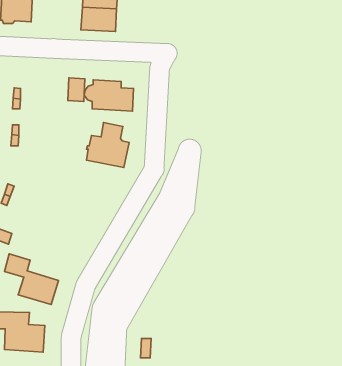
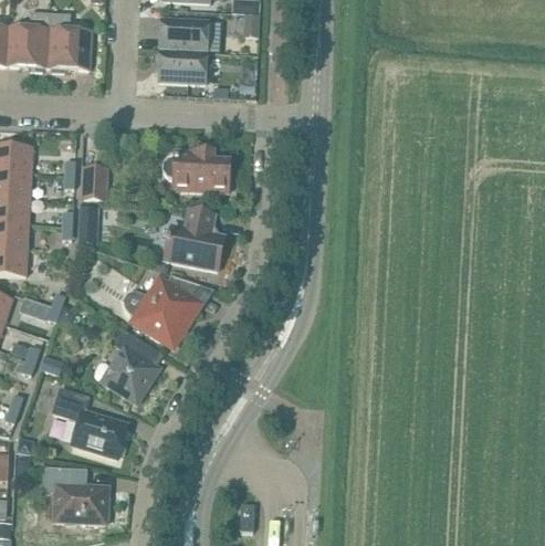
building: [68,78,85,101] -> [82,167,105,199]
building: none -> [77,206,97,243]
building: none -> [123,275,200,347]
building: none -> [101,329,163,403]

